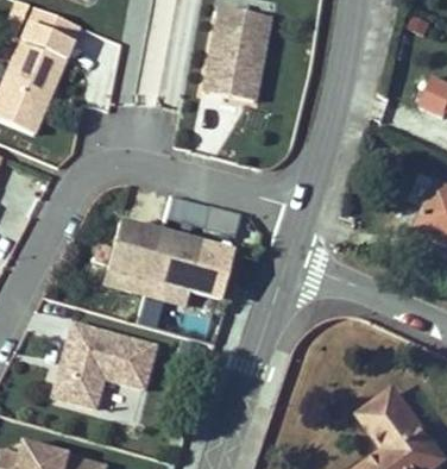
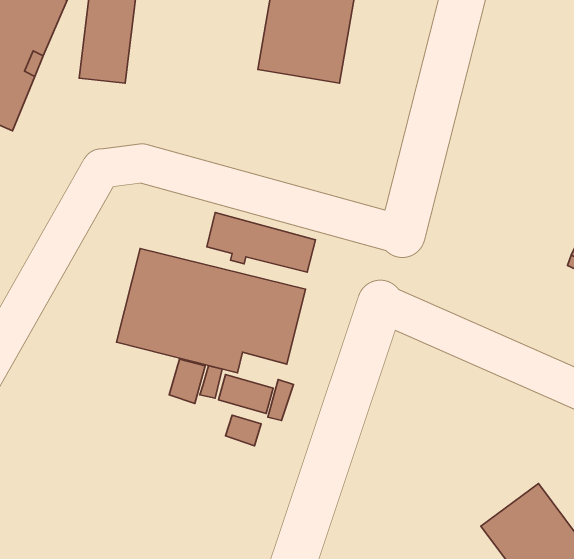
building: [49,321,151,406] -> none

